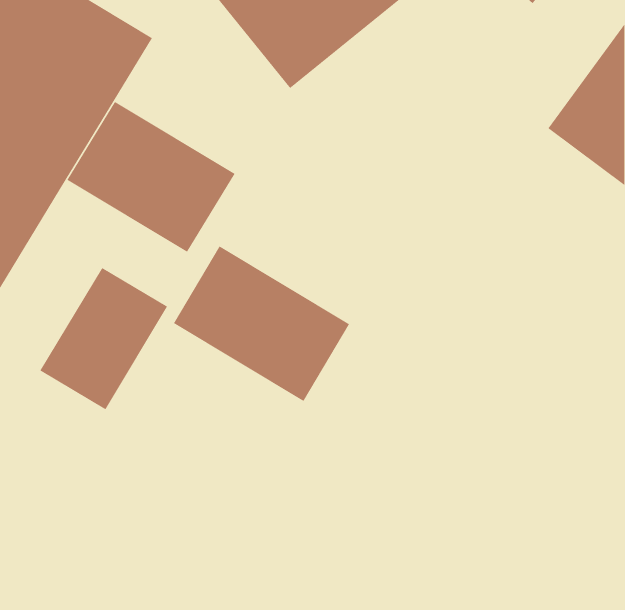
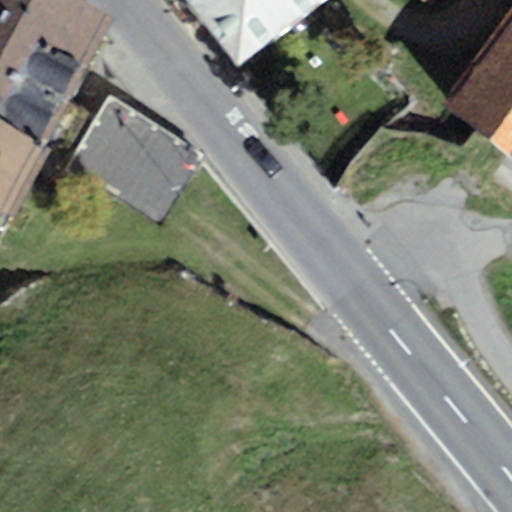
building: [173,245,350,402] -> none
building: [40,267,168,410] -> none

